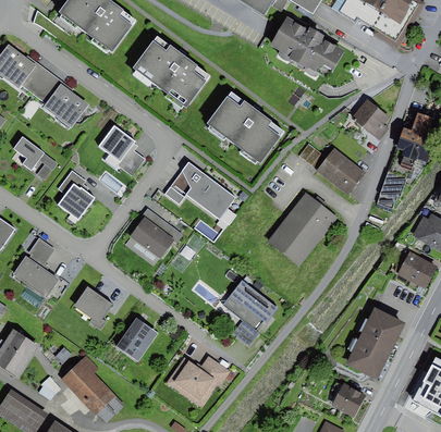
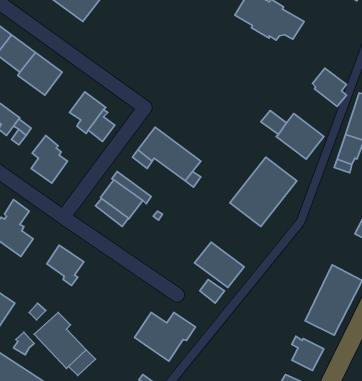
building: [133,35,209,106] -> none
building: [207,90,283,161] -> none
building: [115,318,157,361] -> none

